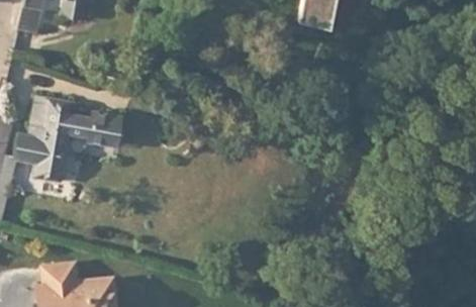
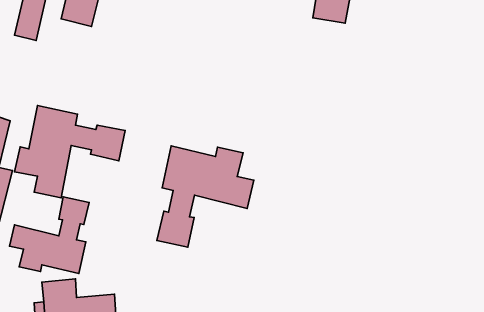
building: none -> [157,146,254,247]
building: none -> [10,197,89,273]

